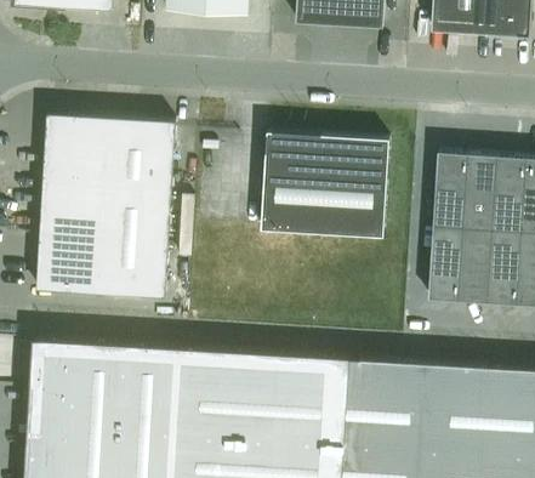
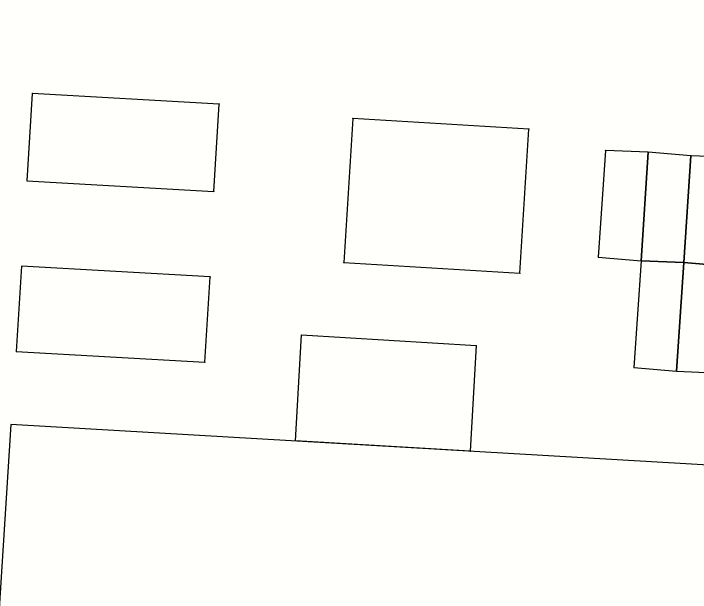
building: [40,173,171,239] -> none
building: [428,226,462,301] -> none
building: none -> [296,335,476,451]

